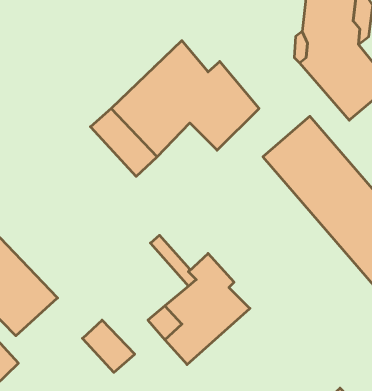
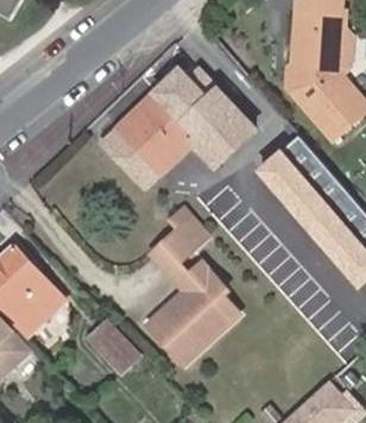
building: none -> [162,207,209,260]

